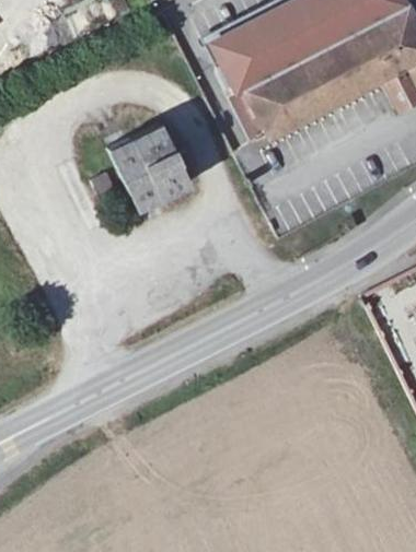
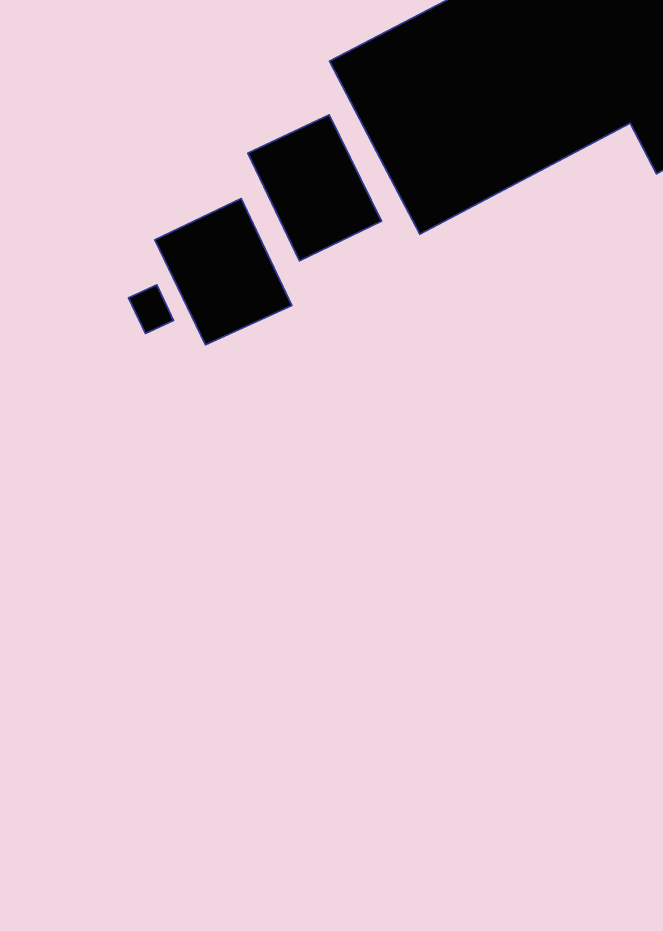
building: none -> [248,115,381,261]

